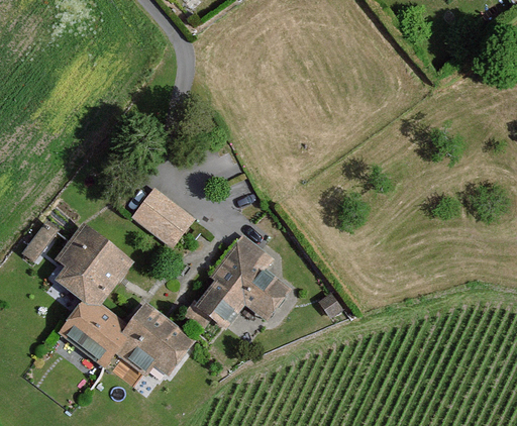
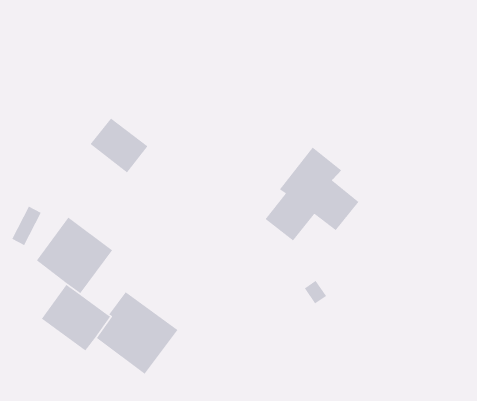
building: [131,190,190,245] -> [89,117,149,174]
building: [195,234,289,328] -> [265,147,359,242]

